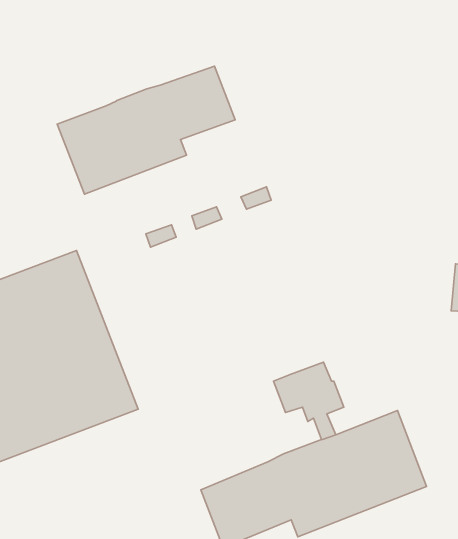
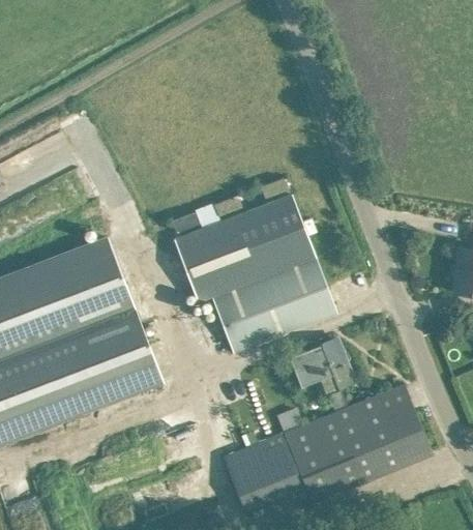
building: [57,66,235,194] -> none
building: none -> [174,195,336,353]

